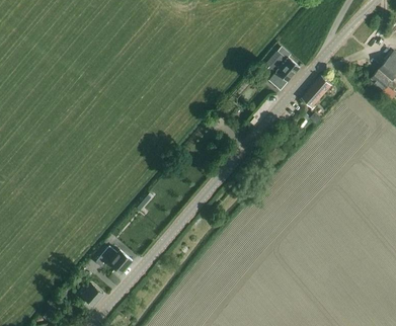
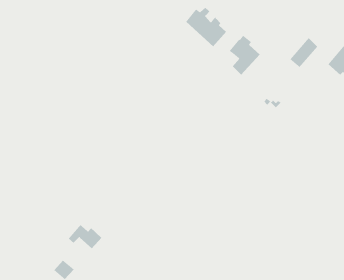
building: none -> [185,7,227,47]
building: [301,75,331,107] -> [289,37,318,68]

